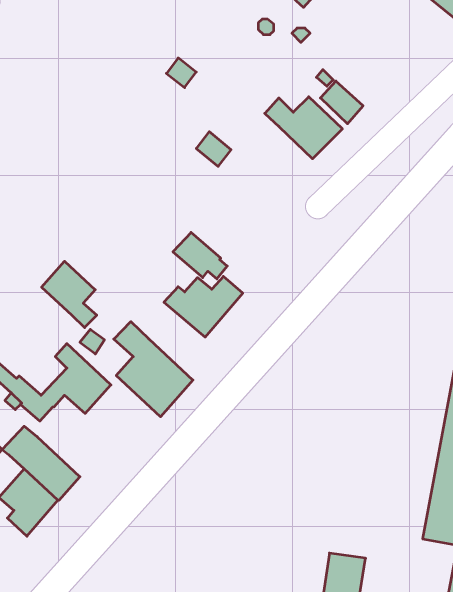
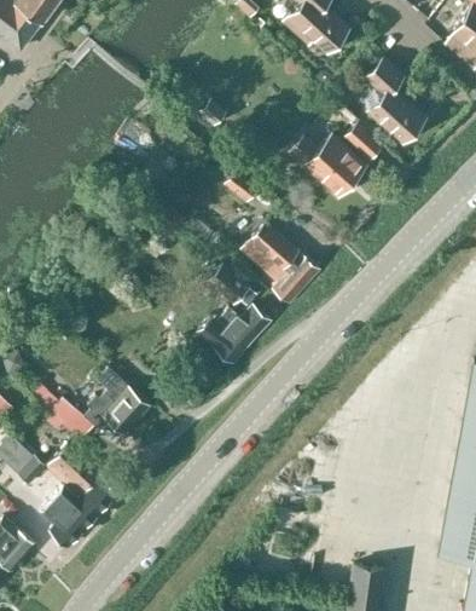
building: none -> [367,58,428,140]
building: none -> [242,221,321,302]
building: [42,261,97,328] -> none
building: [114,322,193,417] -> none

